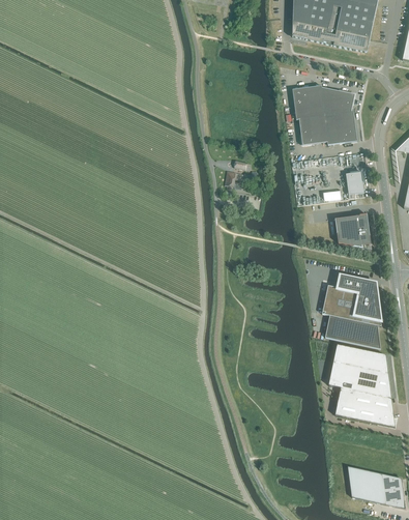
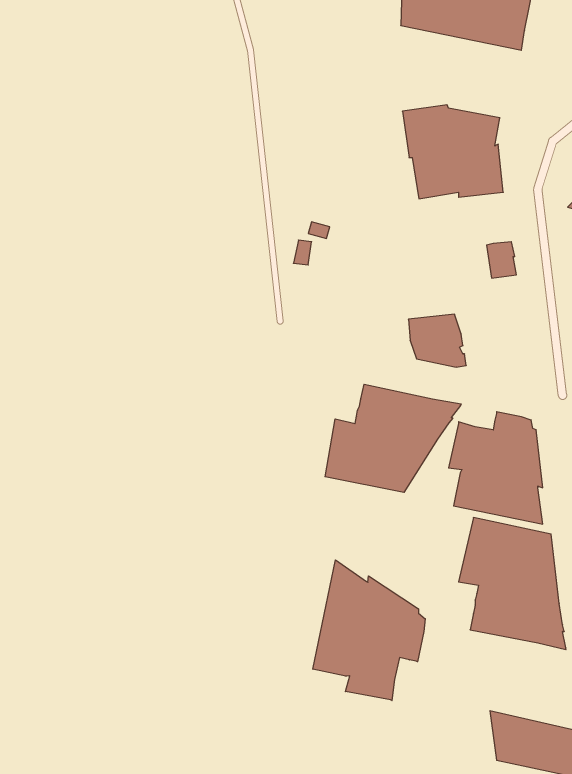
building: [335,214,372,248] -> [408,314,466,367]
building: none -> [325,384,461,492]
building: none -> [313,560,425,701]

